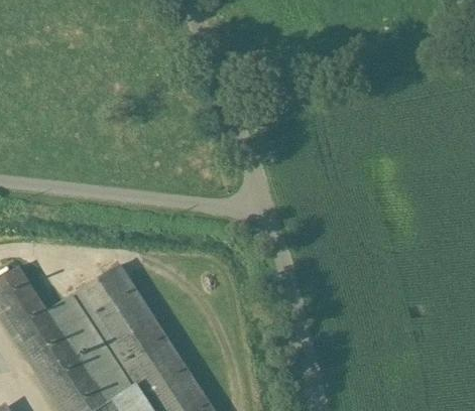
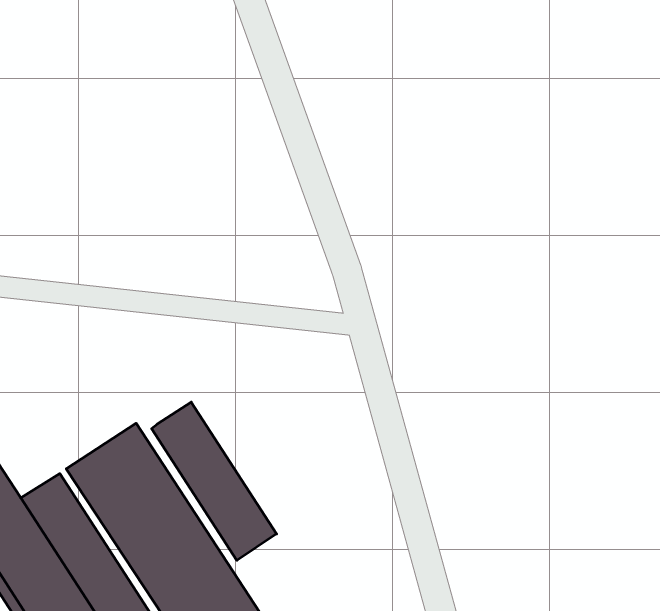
building: none -> [152,402,277,560]

